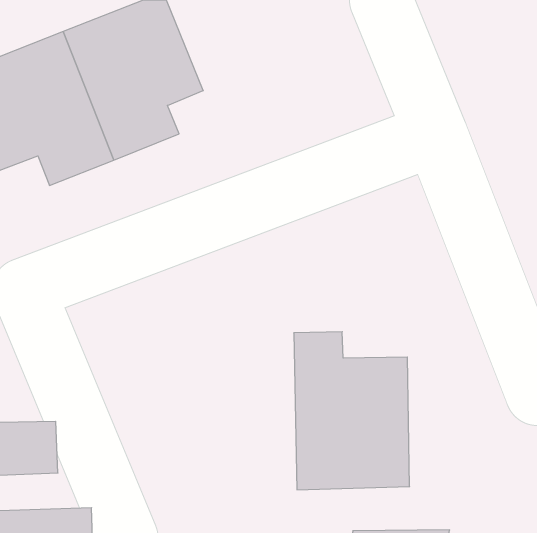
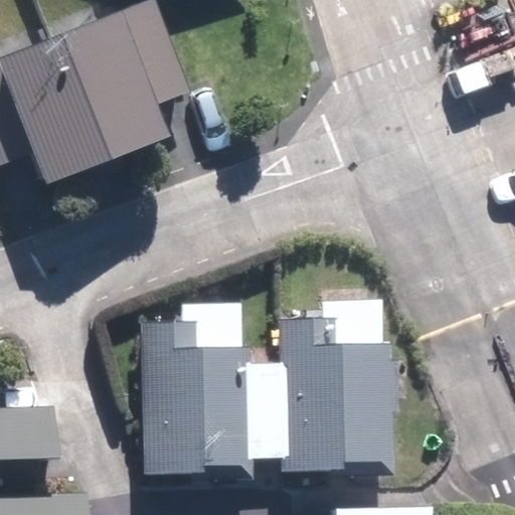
building: none -> [140,319,253,478]

